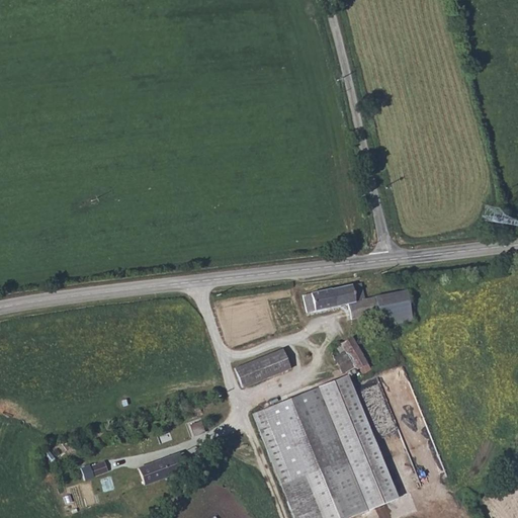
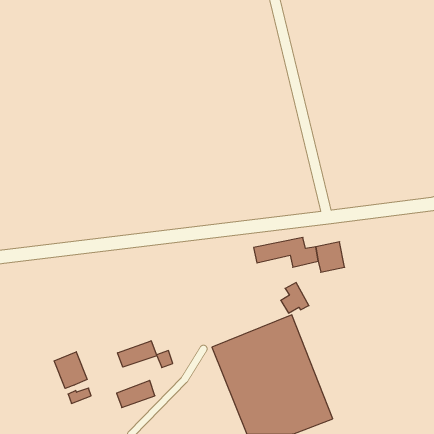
building: [235,348,291,387] -> none
building: none -> [118,341,157,367]
building: none -> [54,352,87,388]

